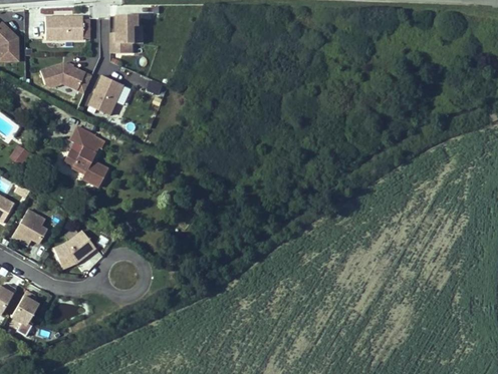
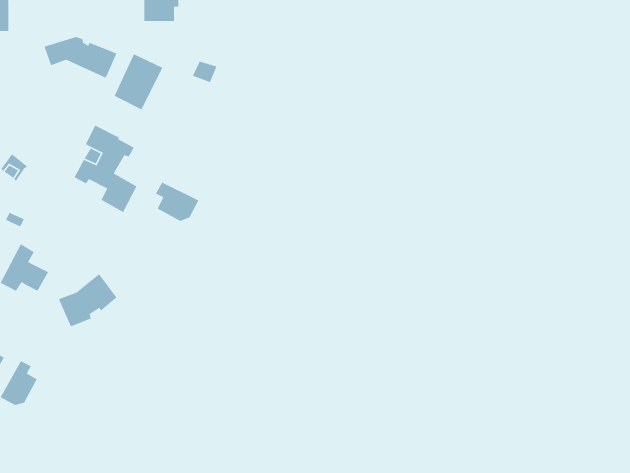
building: none -> [155,182,199,222]

